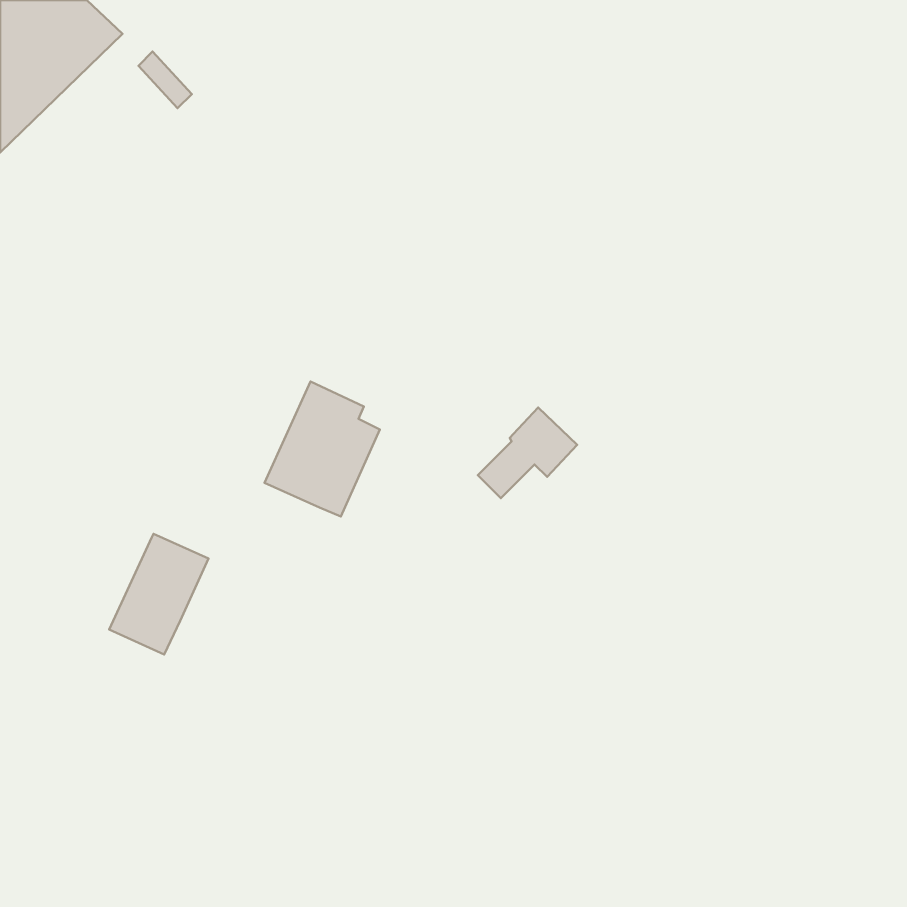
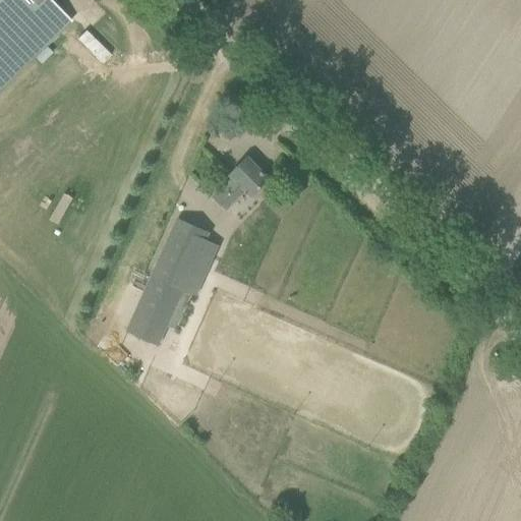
building: [478,408,577,498] -> [213,158,270,210]
building: [109,534,209,654] -> [126,277,183,346]

